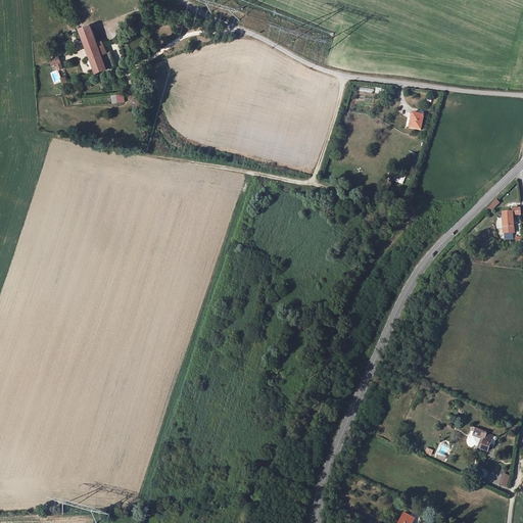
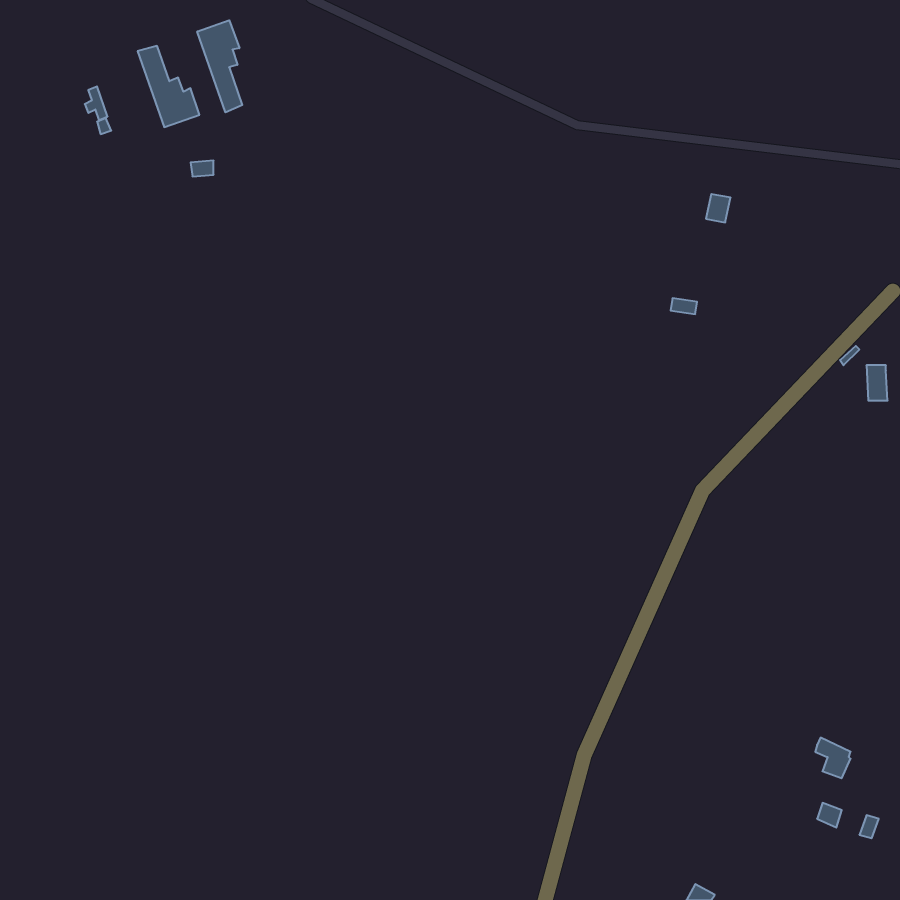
building: none -> [197,20,242,112]

